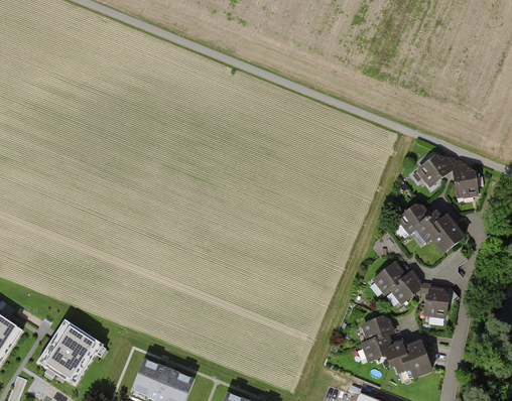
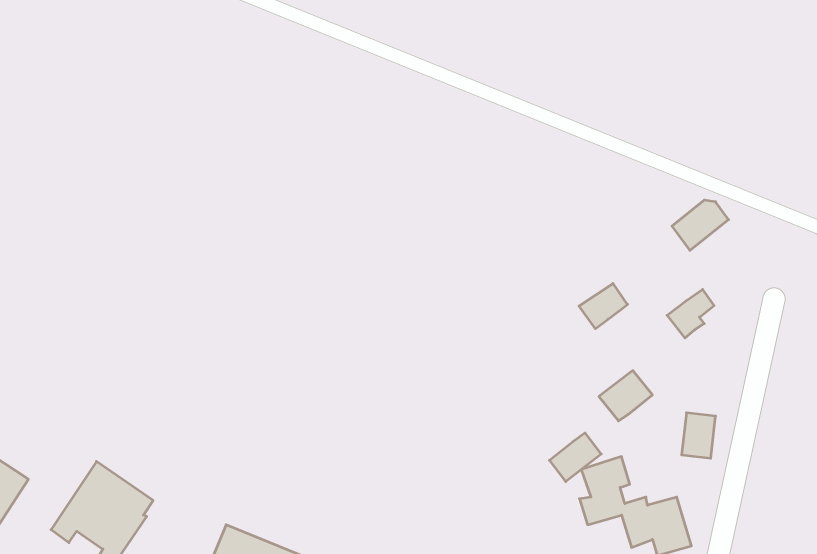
building: [455,167,477,197] -> none
building: [398,206,428,234] -> [579,283,628,329]
building: [433,218,466,252] -> none
building: [392,272,424,302] -> [549,433,601,482]

